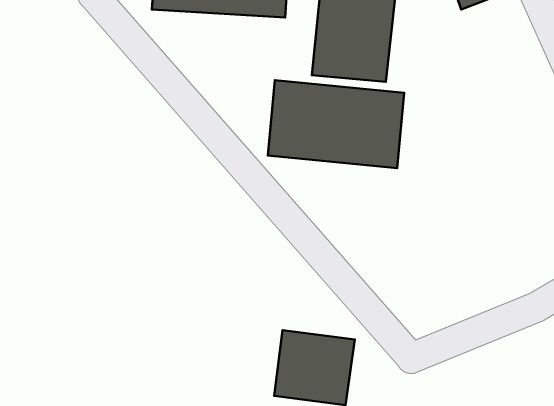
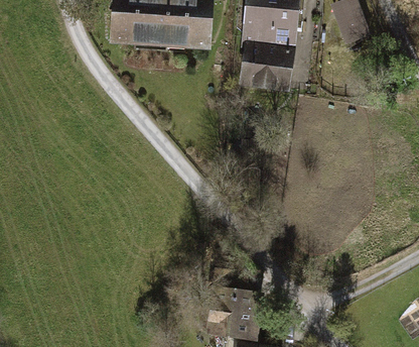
building: [268,80,404,168] -> none

